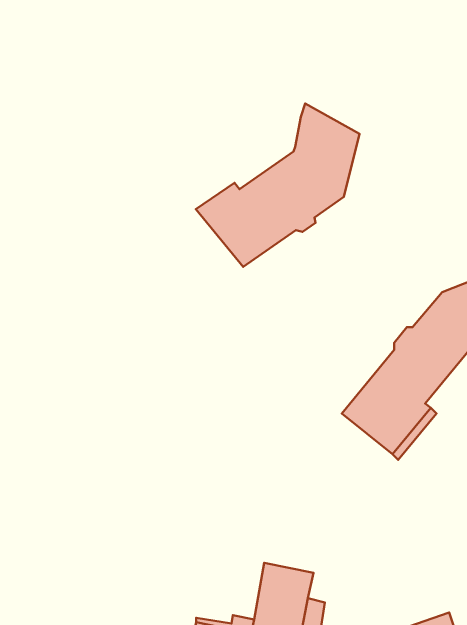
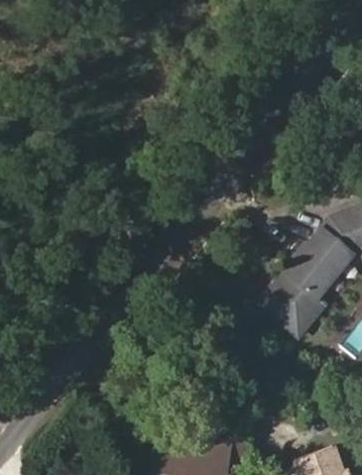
building: [196,103,360,267] -> none

